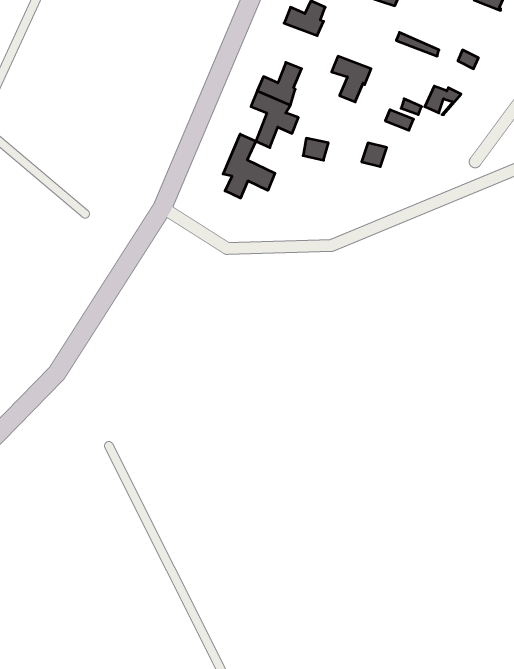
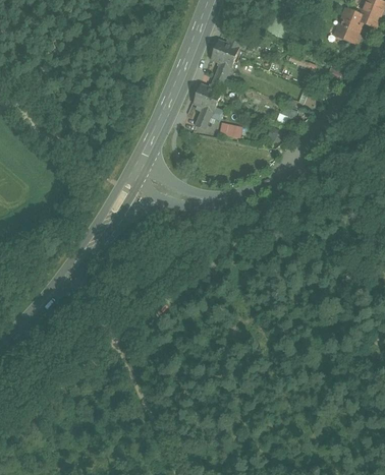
building: [332,56,371,102] -> [209,50,234,79]
building: [223,134,275,198] -> none

